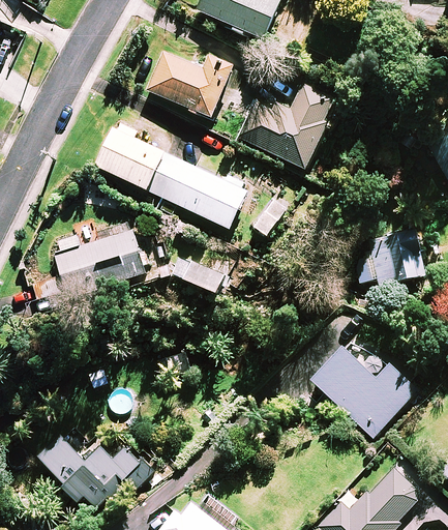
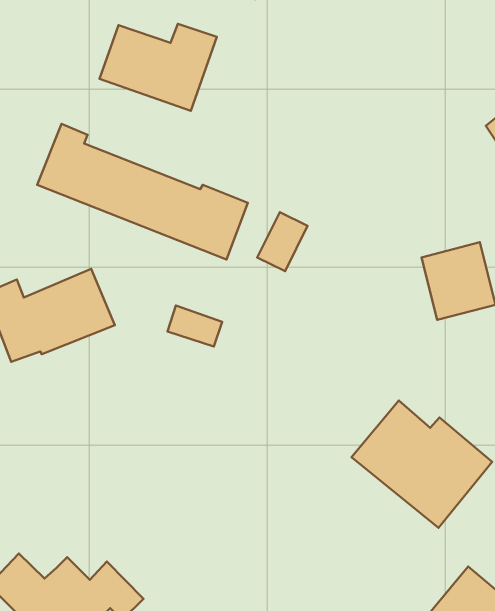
building: [238,82,337,169] -> none

